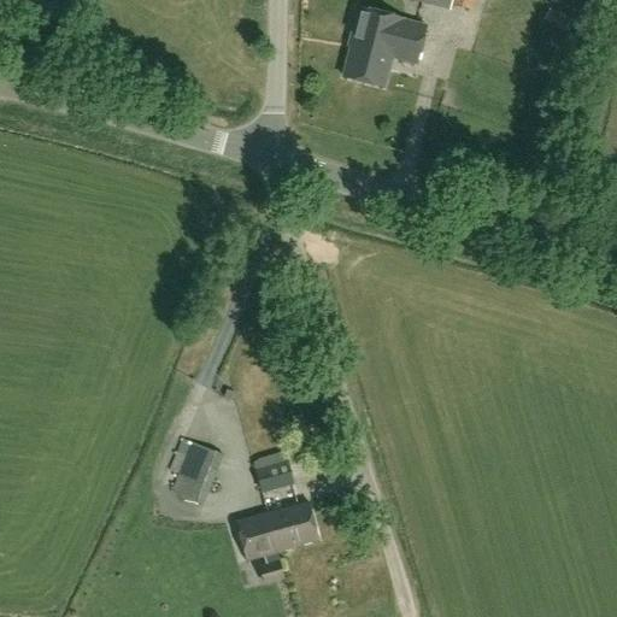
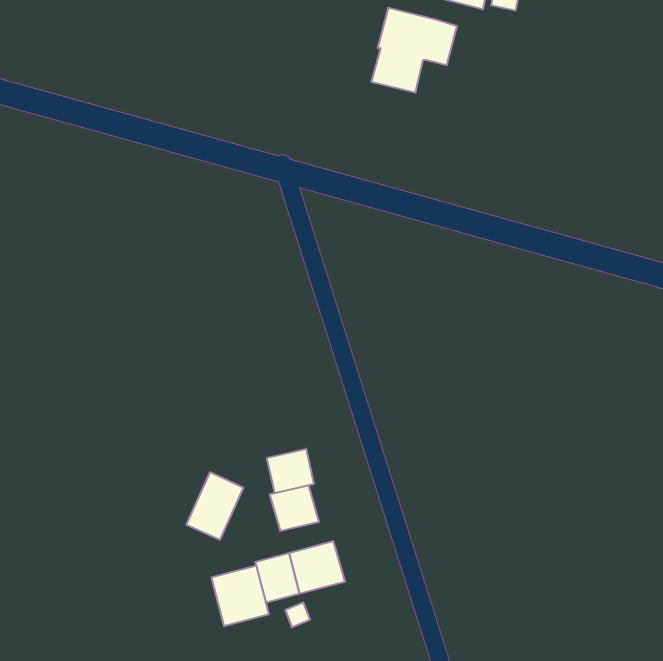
building: none -> [267,449,314,493]
building: none -> [212,565,269,626]

